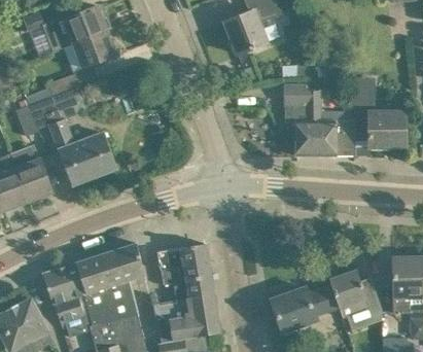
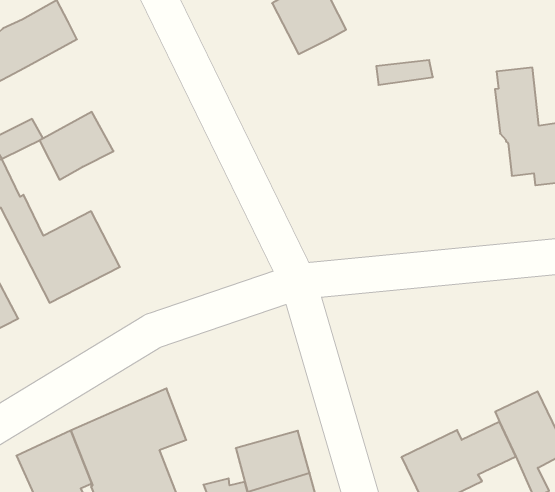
building: [73,30,116,68] -> [40,112,114,180]
building: [284,84,355,155] -> none
building: [156,243,211,284] -> none

